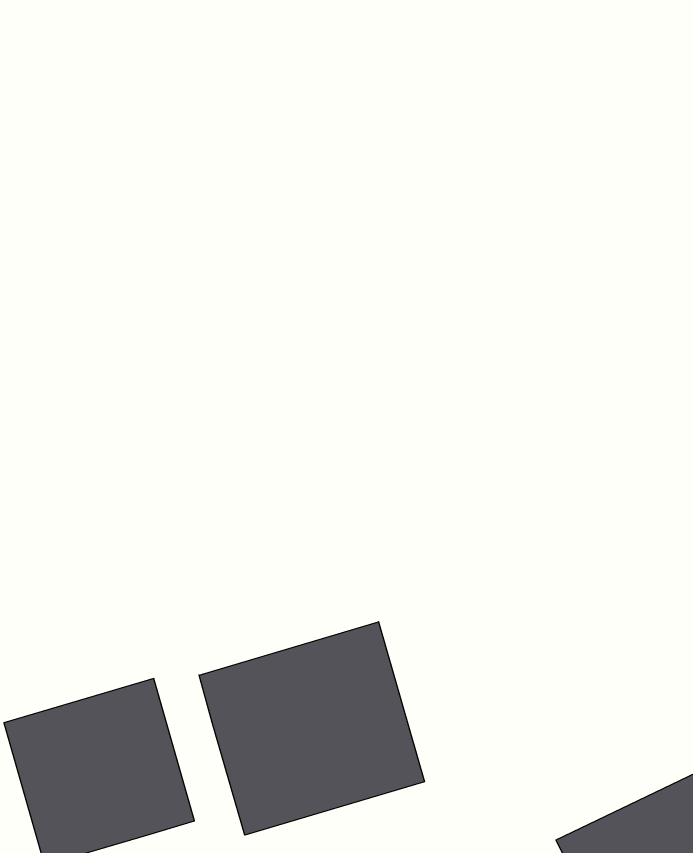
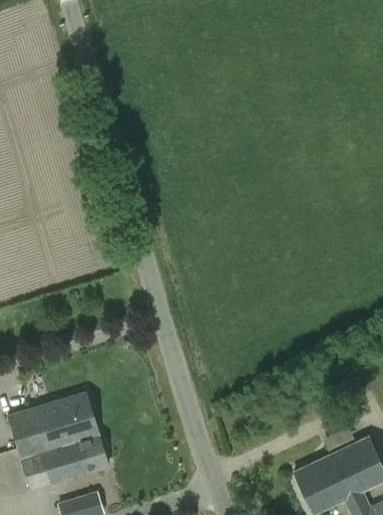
building: [199,622,424,835] -> none

